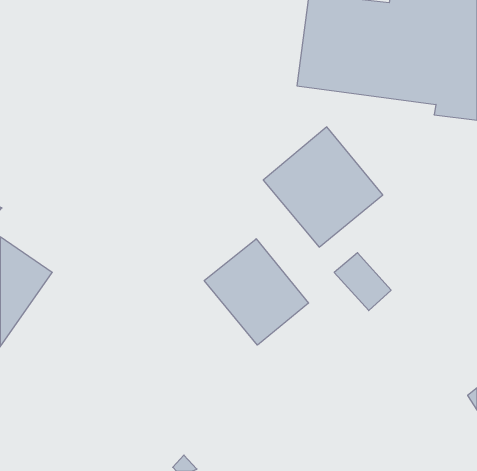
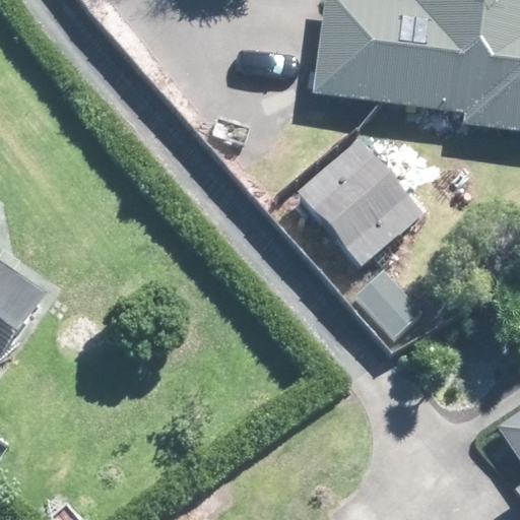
building: [204,239,309,345] -> none

